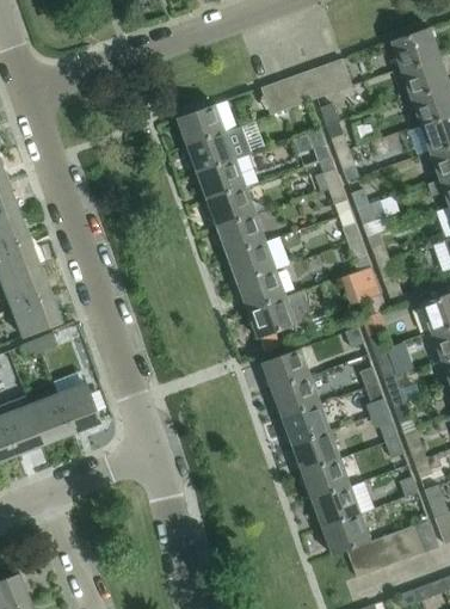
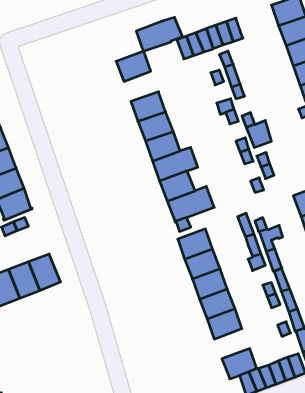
building: [187,125,251,172] -> [136,17,182,51]
building: [312,485,360,527] -> none

